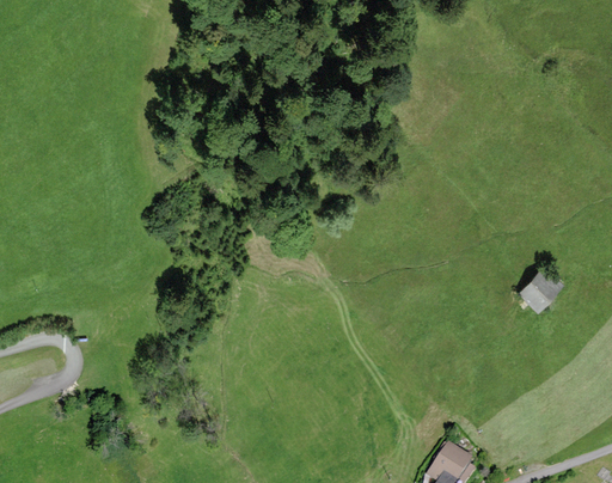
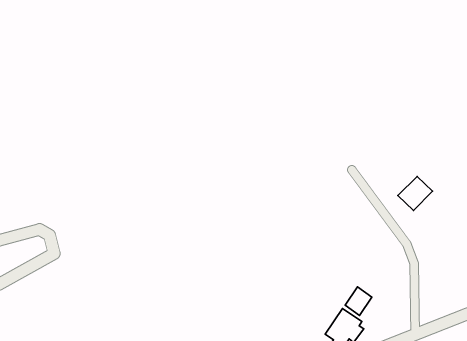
building: none -> [345,287,372,315]

